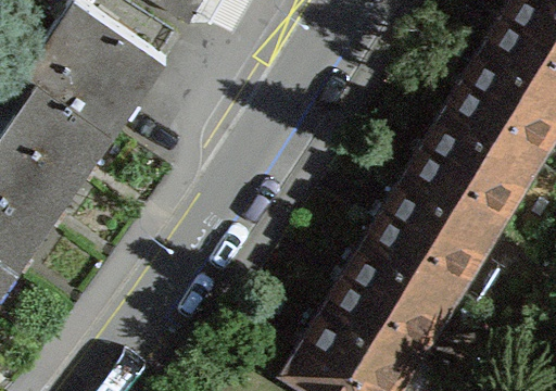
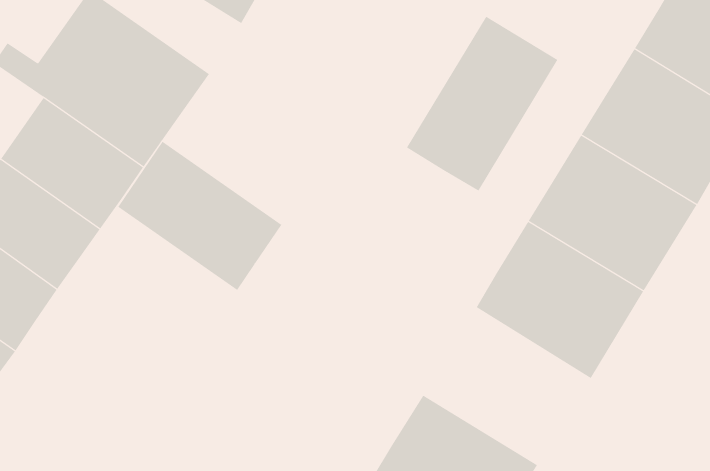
building: none -> [406,16,558,191]
building: none -> [117,141,282,291]
building: [326,242,453,362] -> none

